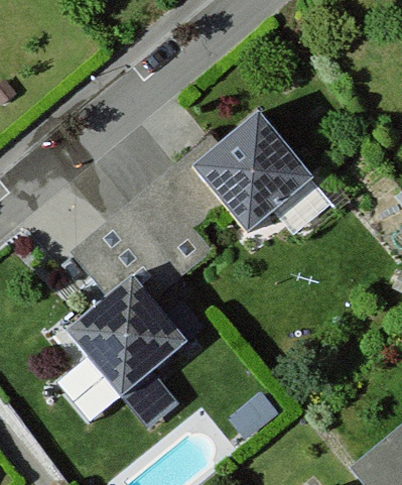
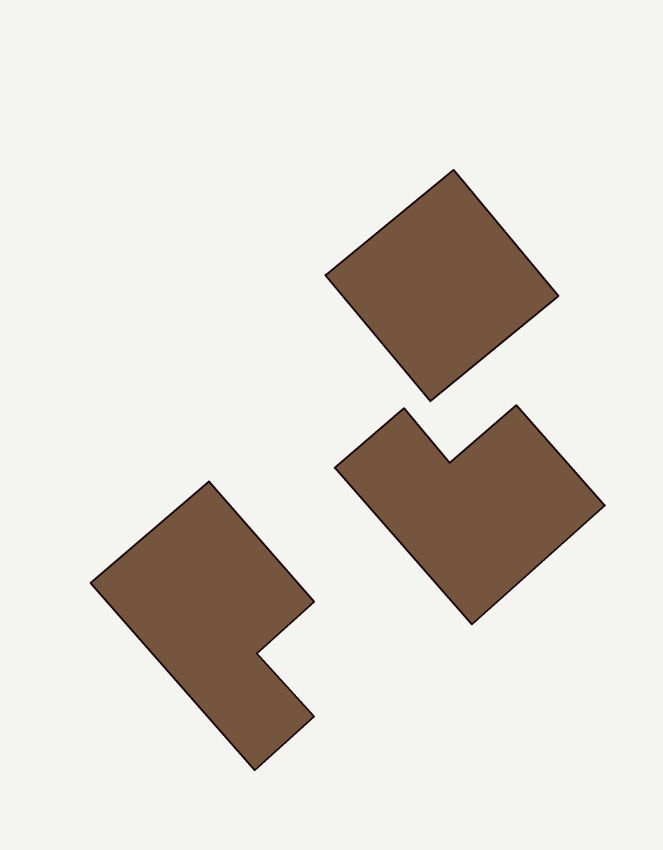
building: none -> [335,405,605,624]

